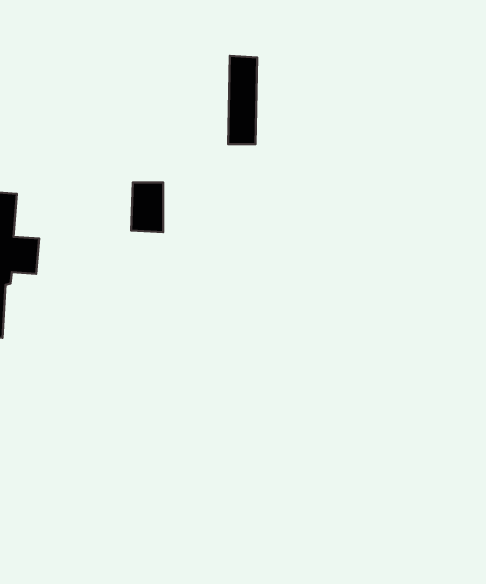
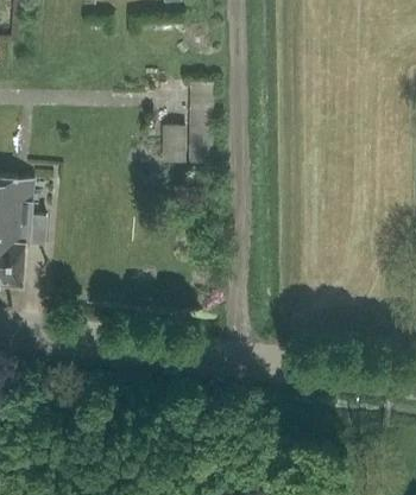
building: [131,182,163,232] -> [158,128,182,165]

